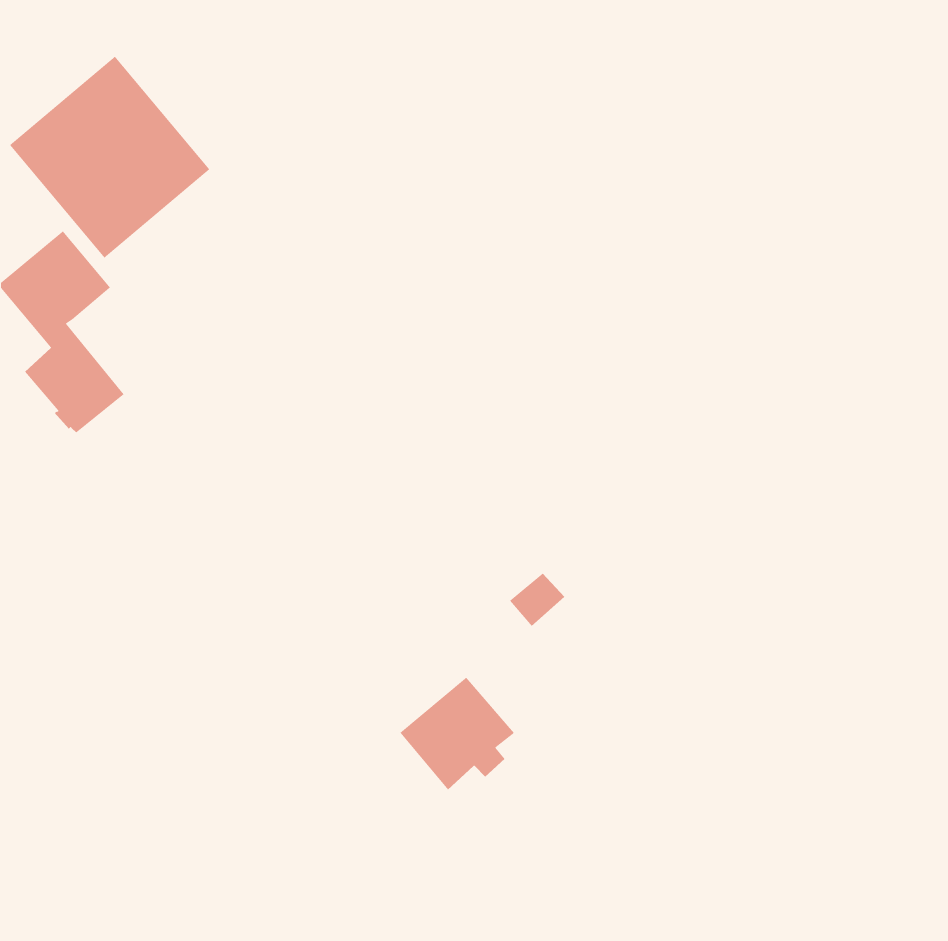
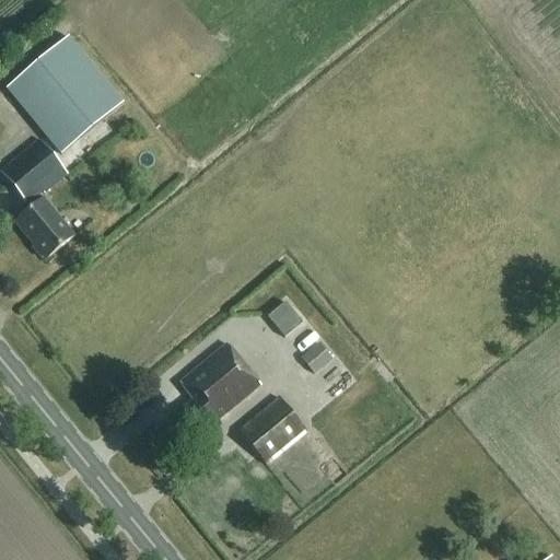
building: none -> [268,299,303,335]
building: none -> [175,341,260,435]

